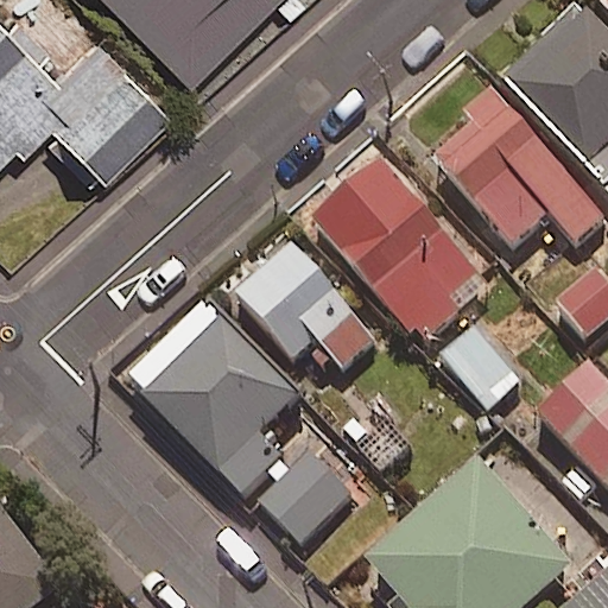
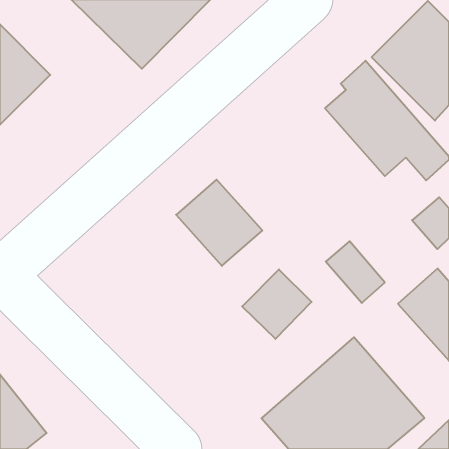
building: [53,74,169,188] -> none
building: [312,156,484,335] -> none
building: [127,302,297,471] -> none
building: [260,451,354,545] -> [242,269,312,339]

